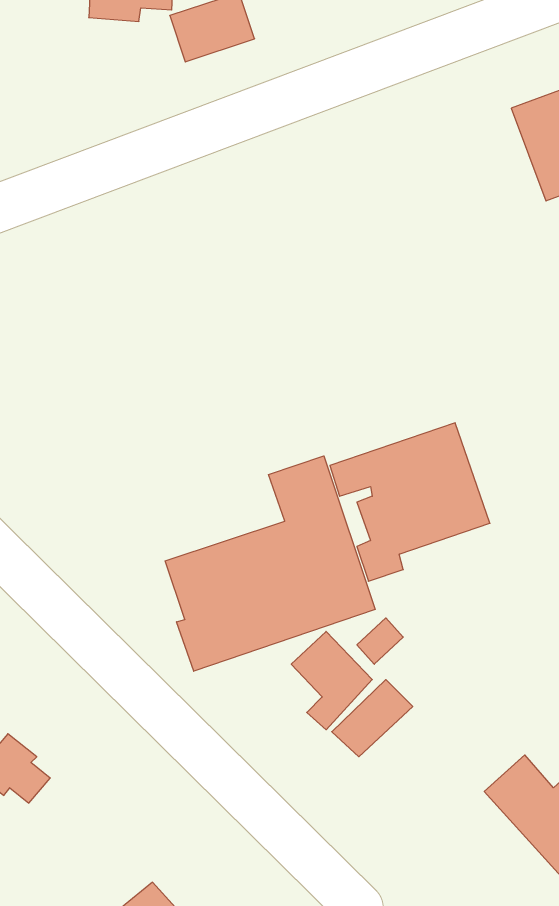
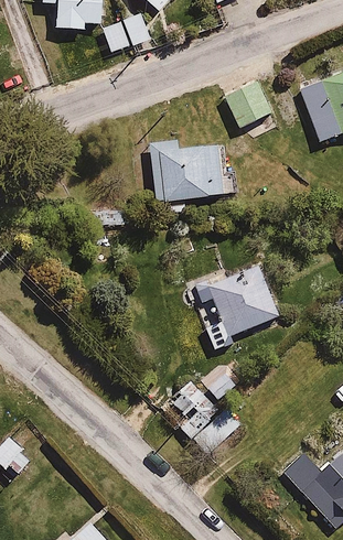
building: none -> [225,77,269,121]
building: none -> [152,144,237,202]
building: [165,456,375,671] -> none

